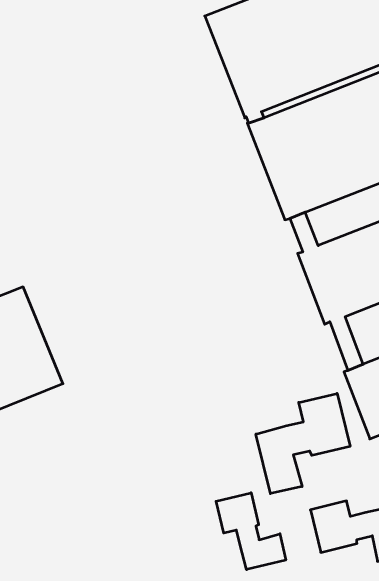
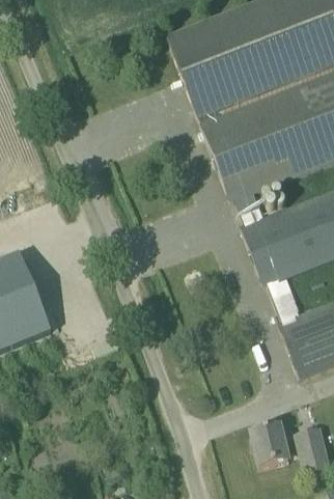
building: [256,393,350,494] -> none
building: [216,493,286,570] -> none

